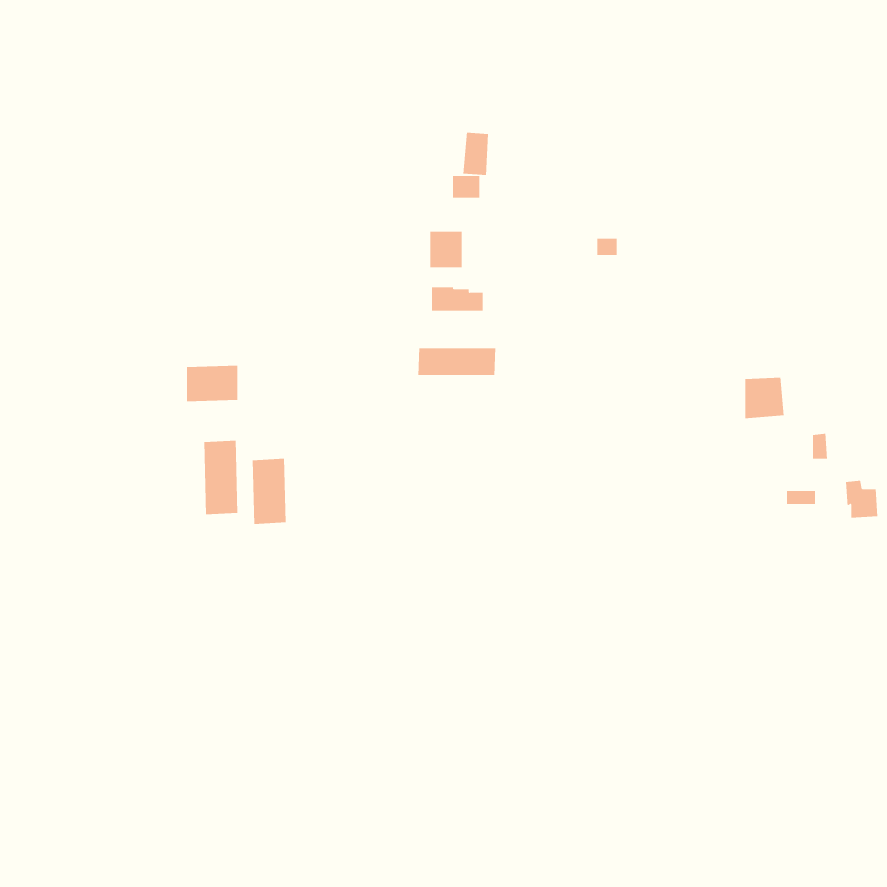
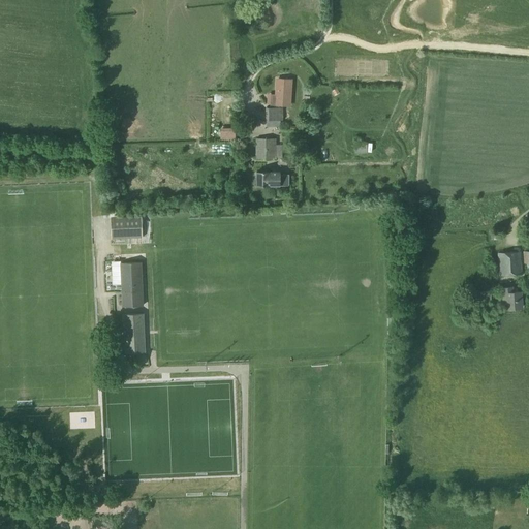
building: [418,347,496,376] -> none
building: [745,377,785,419] -> [499,251,523,276]
building: [252,458,287,524] -> [124,313,145,352]

